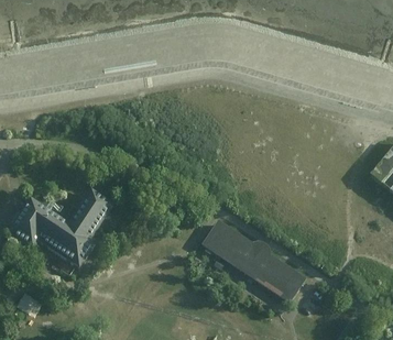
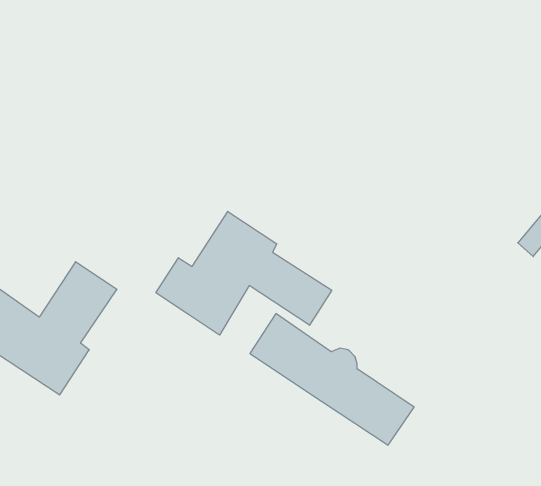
building: none -> [156,211,332,335]

